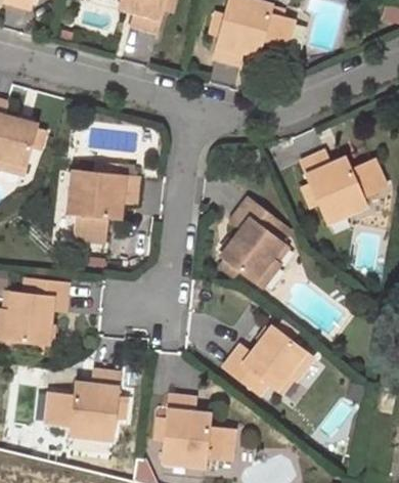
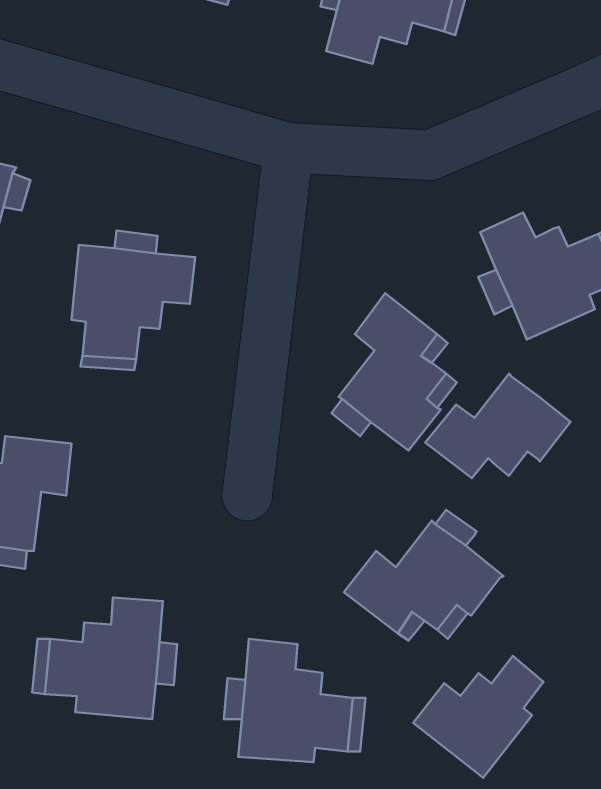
building: none -> [425,374,571,478]
building: none -> [413,656,543,778]

